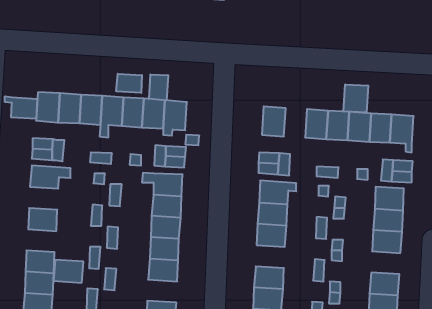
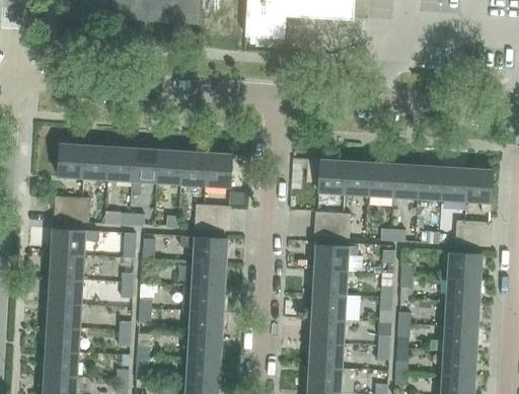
building: [116,74,142,93] -> none
building: [149,74,168,100] -> none
building: [344,84,368,113] -> none
building: [5,96,37,119] -> none
building: none -> [343,162,369,195]
building: none -> [50,252,83,279]
building: none -> [310,319,344,345]
building: none -> [443,326,476,352]
building: [53,260,83,283] -> [47,301,81,327]
building: none -> [186,359,220,385]

